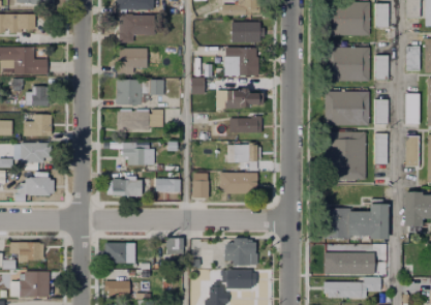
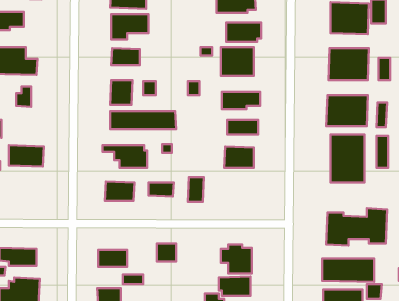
building: [24,114,52,136] -> none
building: [219,173,245,192] -> none
building: [16,177,56,195] -> none

